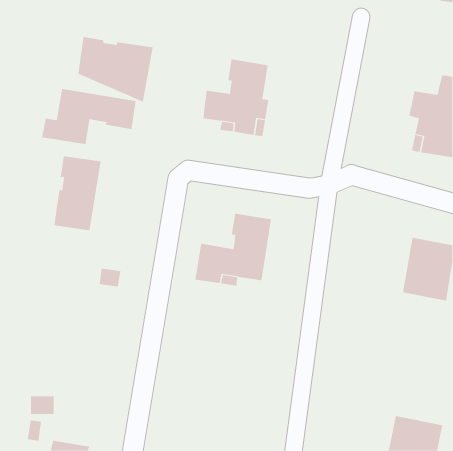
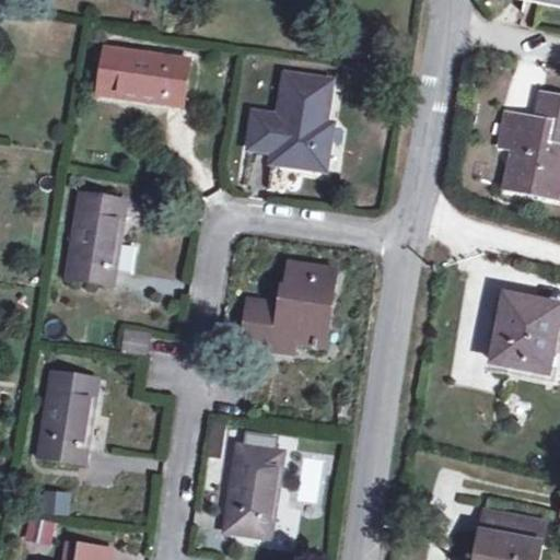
building: [42,88,136,145] -> none
building: none -> [37,370,95,462]
building: none -> [222,444,282,537]

